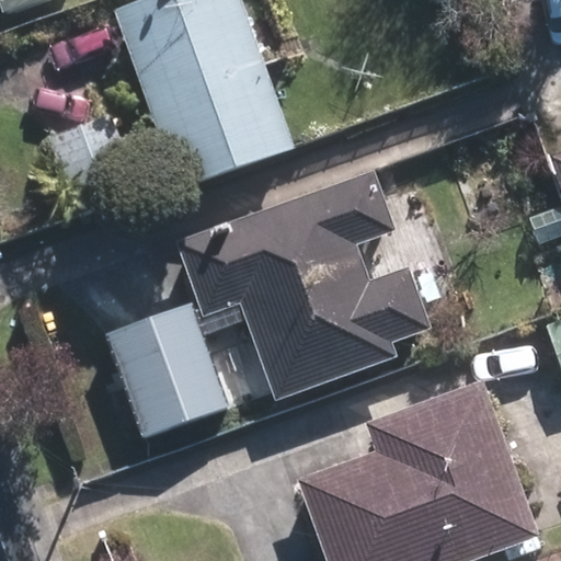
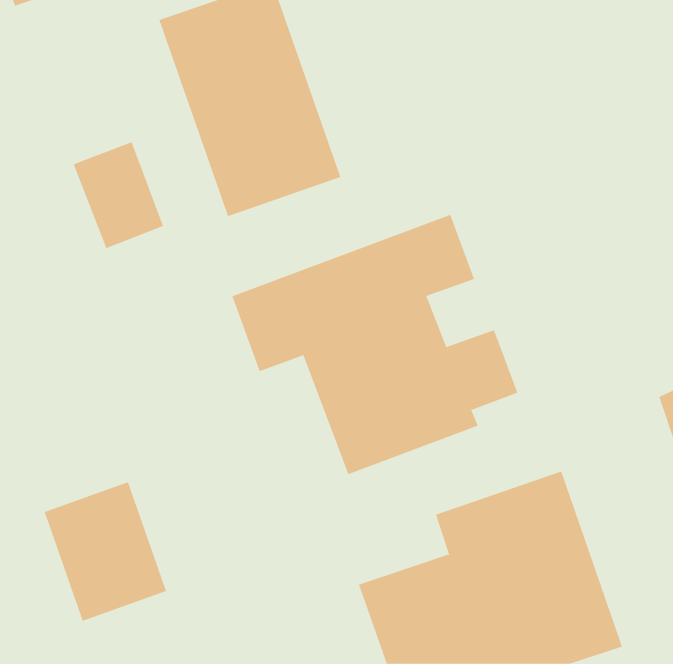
building: [122,311,224,427] -> [44,481,167,622]

